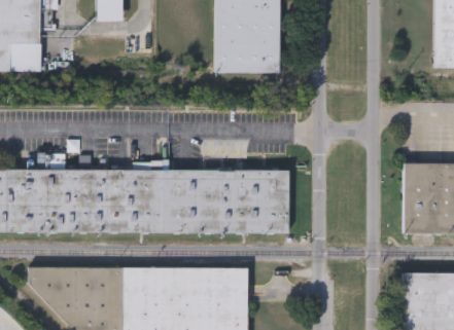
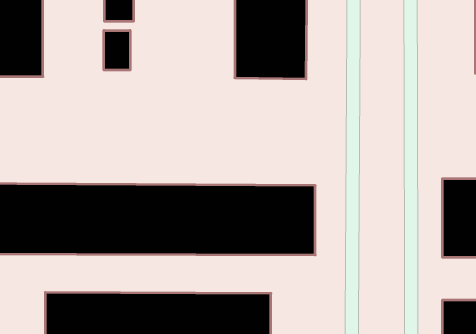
building: none -> [104,30,130,70]

